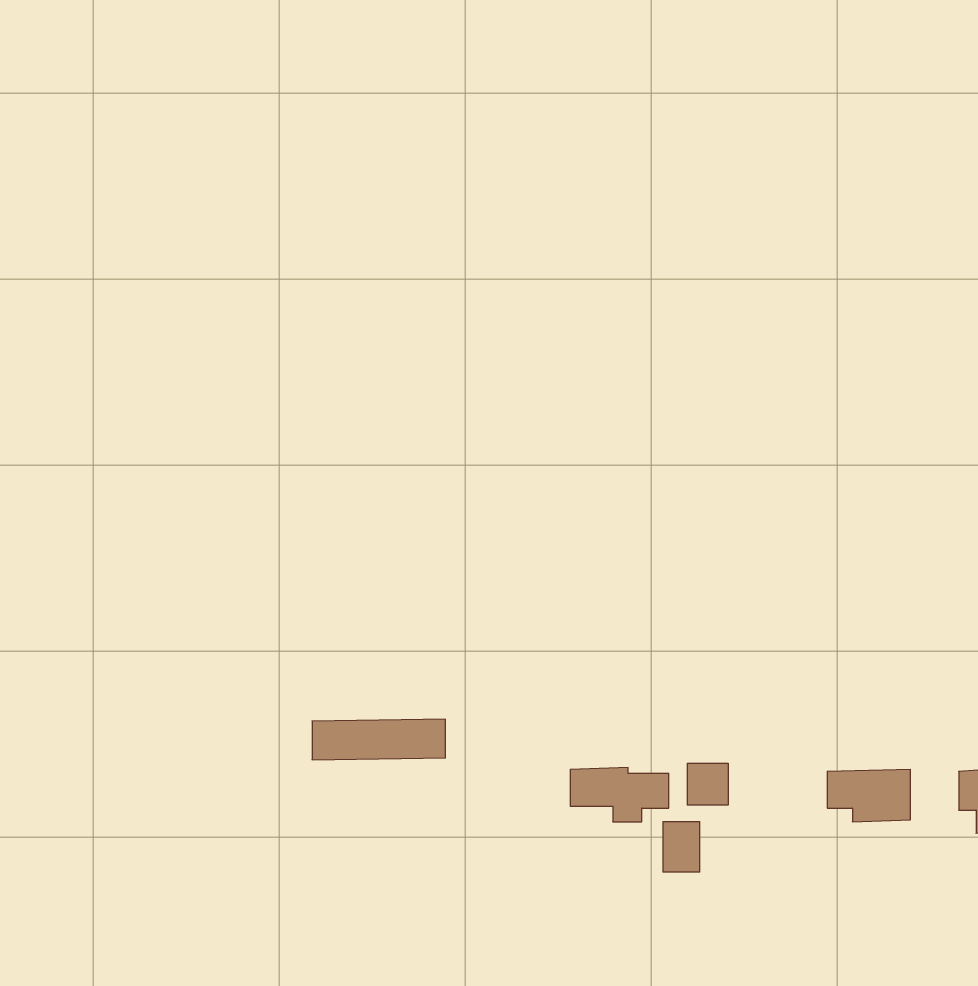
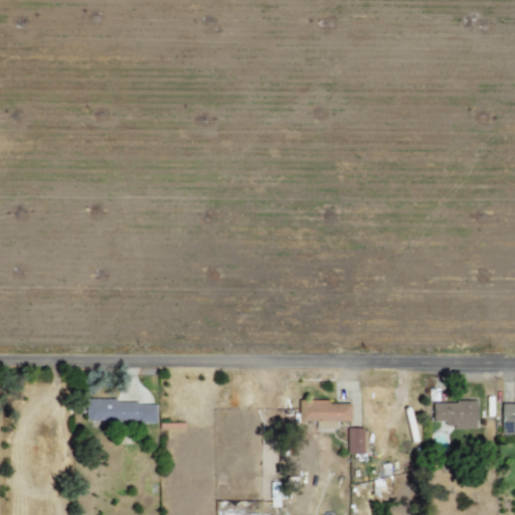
building: [312,719,445,760] -> [89,400,158,421]
building: [687,763,728,805] -> none

